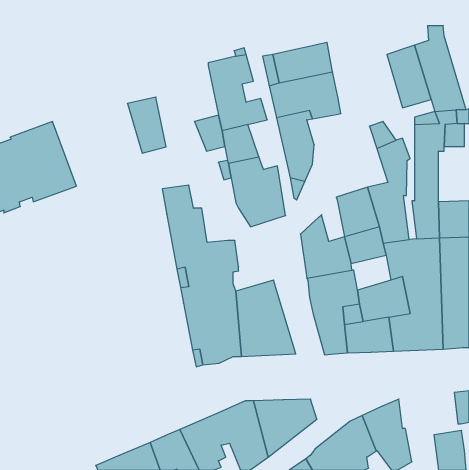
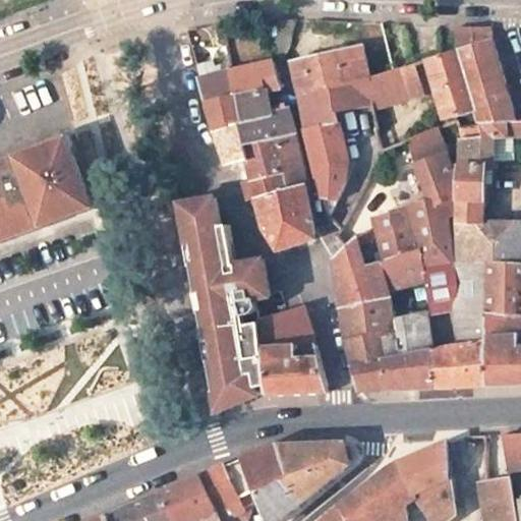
building: none -> [367,64,422,109]
building: [127,97,166,153] -> [198,72,241,134]
building: none -> [274,132,306,187]

